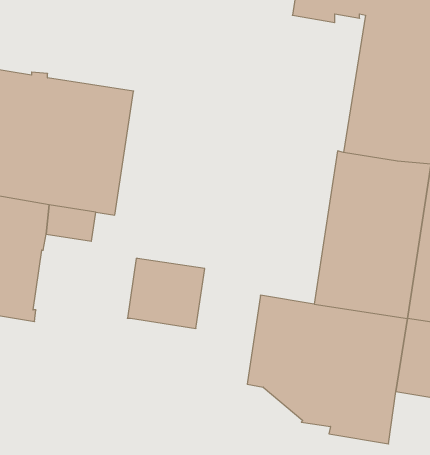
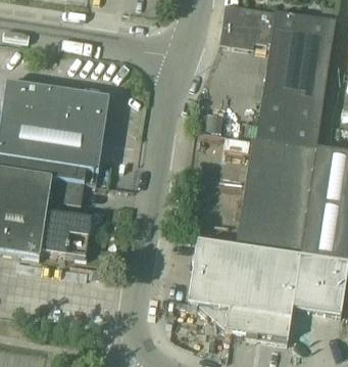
building: [127,258,205,328] -> [38,205,92,255]

